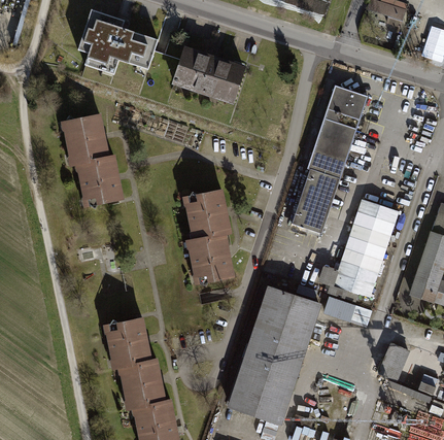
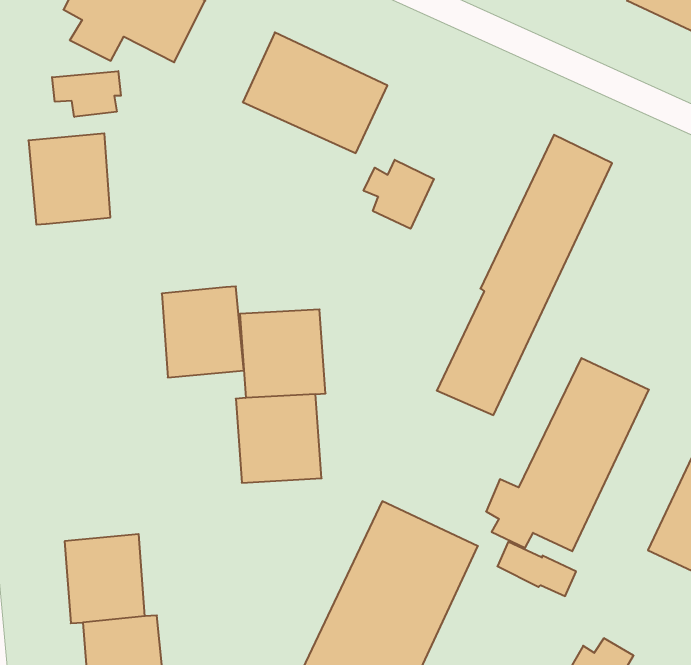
building: none -> [52,71,121,117]
building: none -> [364,160,434,229]
building: [76,154,124,205] -> [162,286,244,377]

